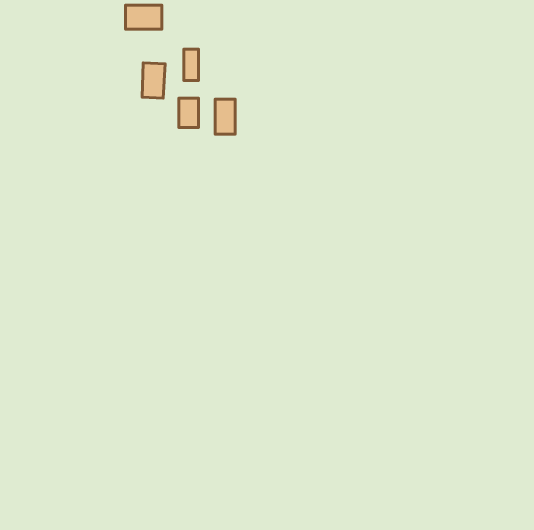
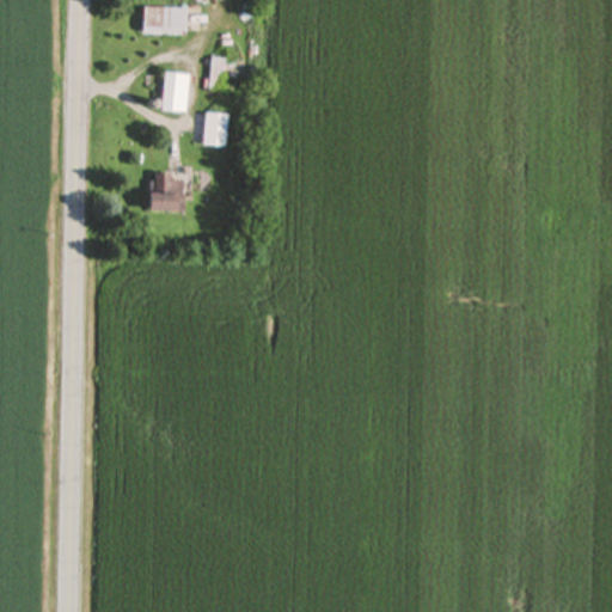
building: [215,99,235,134] -> none
building: none -> [151,172,184,212]

